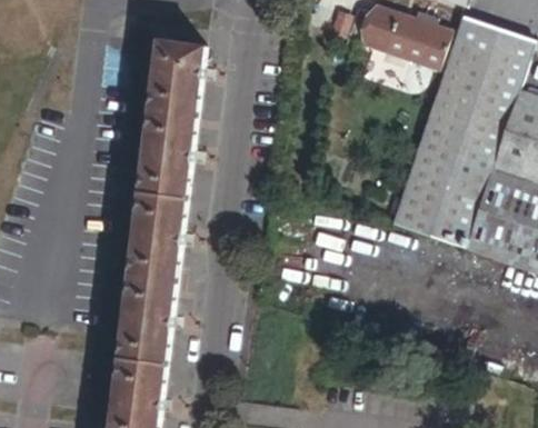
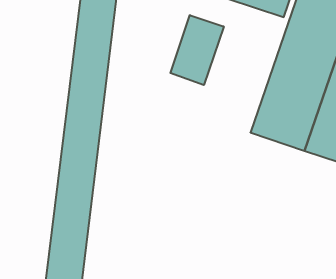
building: none -> [170,15,224,85]

